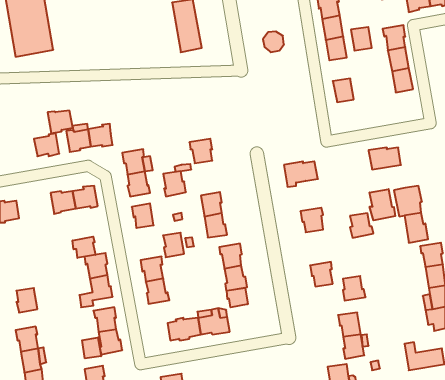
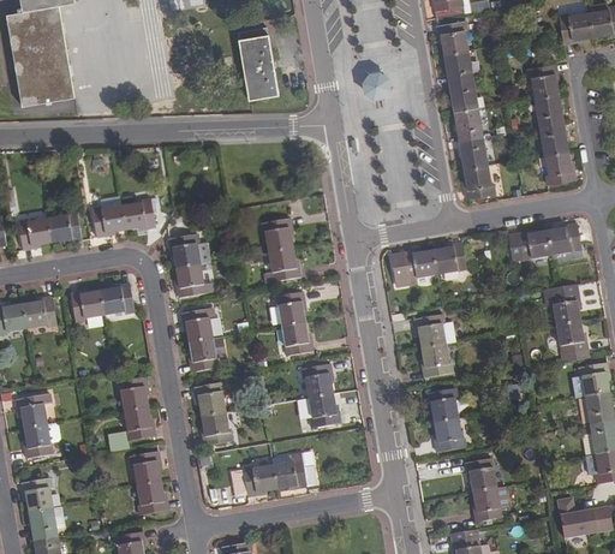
building: [351,27,372,51] -> [453,107,482,139]
building: none -> [544,150,575,185]
building: none -> [464,165,495,198]
building: [48,111,73,133] -> [17,219,52,250]
building: none -> [548,222,581,255]
building: none -> [432,243,466,274]
building: [163,171,186,196] -> [268,249,299,284]
building: [370,189,395,220] -> none
building: none -> [23,297,56,328]
building: [350,213,373,238] -> [420,344,453,377]
building: [163,233,184,257] -> [187,338,216,371]
building: [73,237,95,258] -> none
building: none -> [16,393,53,428]
building: [343,276,366,301] -> [434,418,465,452]
building: [227,288,248,307] -> none
building: [82,337,101,358] -> none

